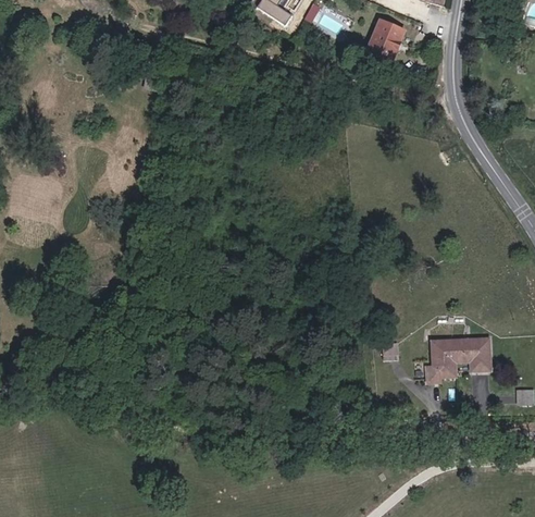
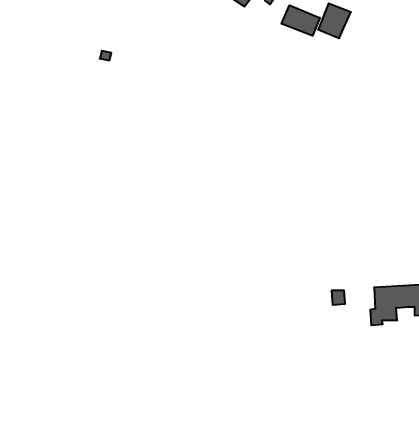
building: none -> [282,5,320,36]

